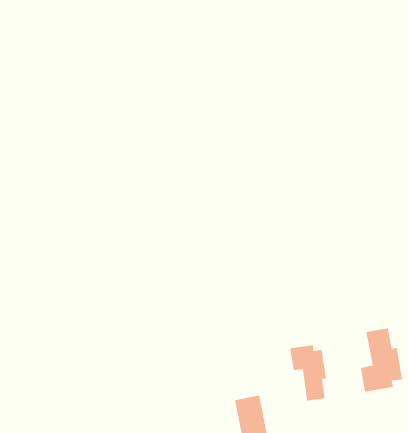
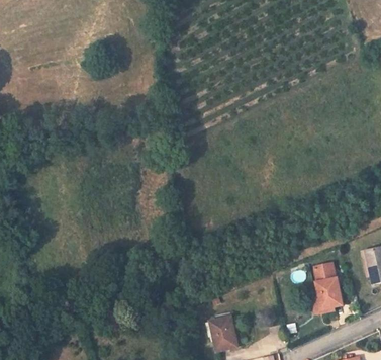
building: [290,344,327,402] -> none

